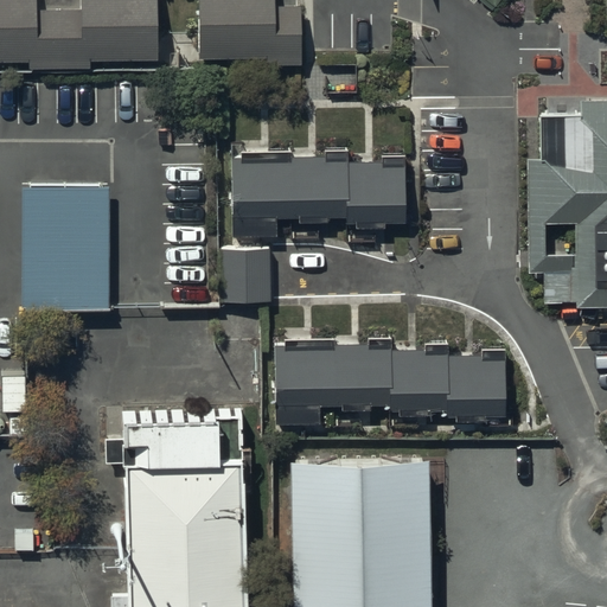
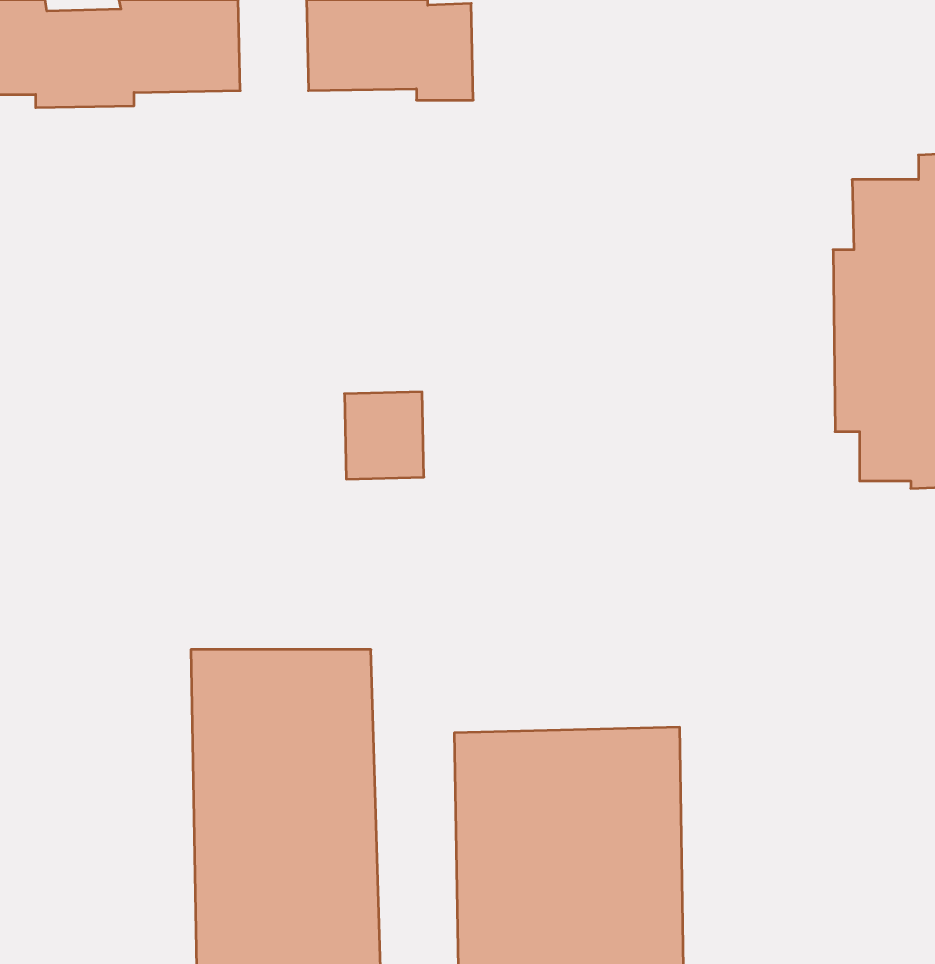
building: [232,149,407,235] -> none
building: [24,183,110,306] -> none
building: [279,349,511,427] -> none

